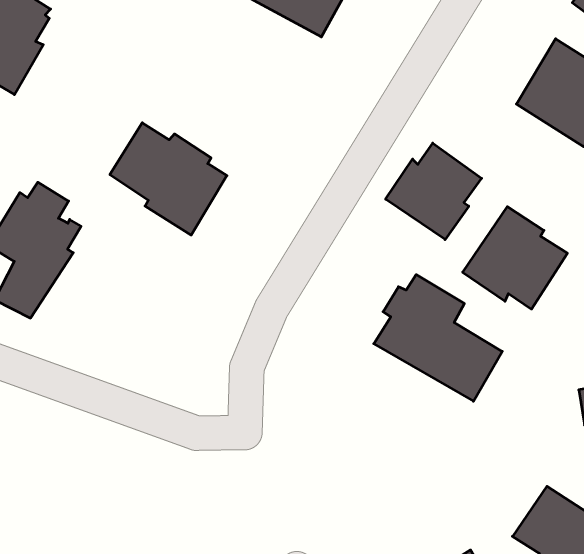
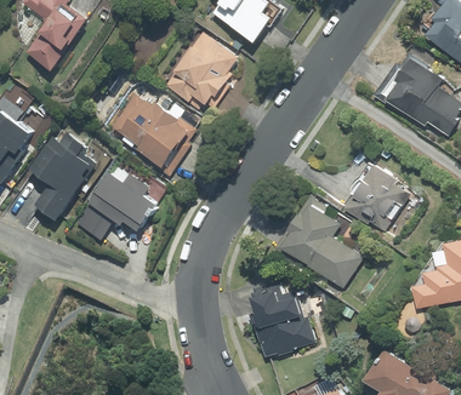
building: none -> [164,30,239,111]
building: [386,143,482,240] -> none
building: none -> [69,168,156,241]
building: none -> [250,280,315,360]

